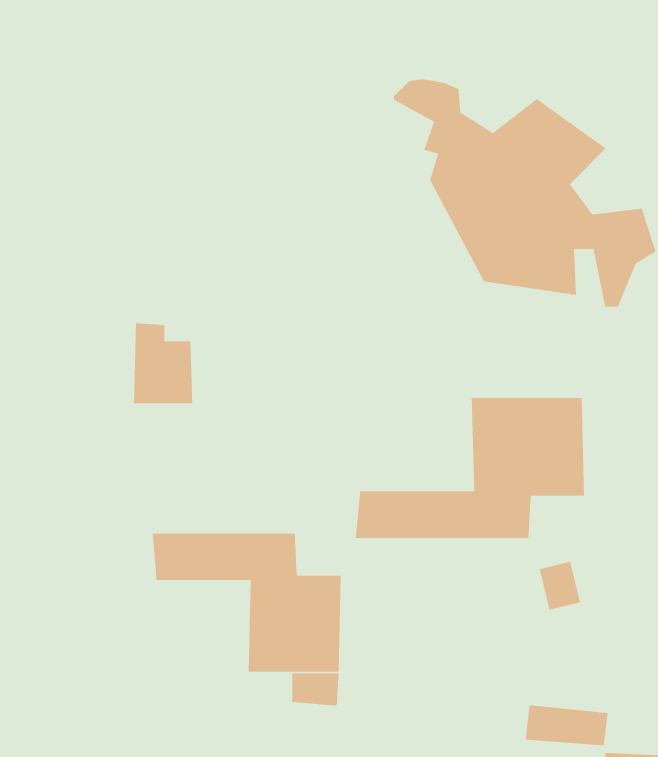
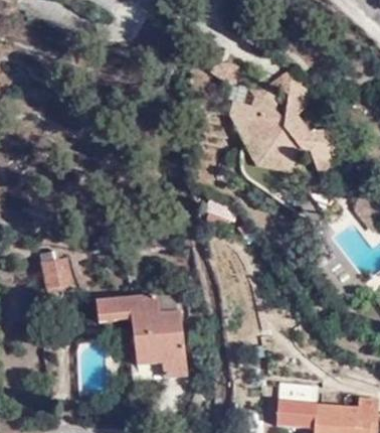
building: [133,322,193,404] -> [37,246,67,287]
building: [355,397,585,539] -> none

